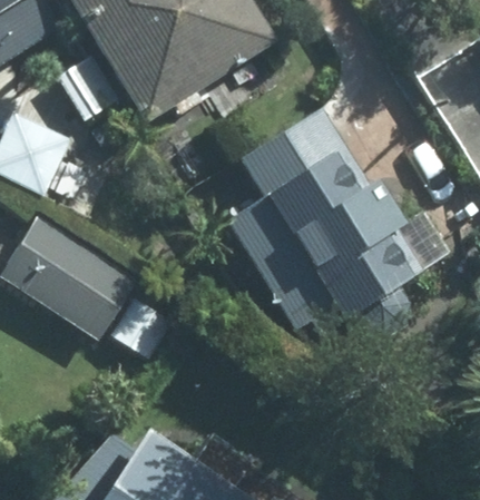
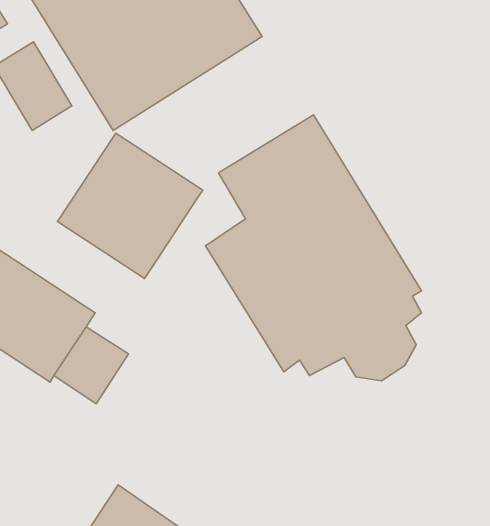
building: none -> [58,133,203,279]

